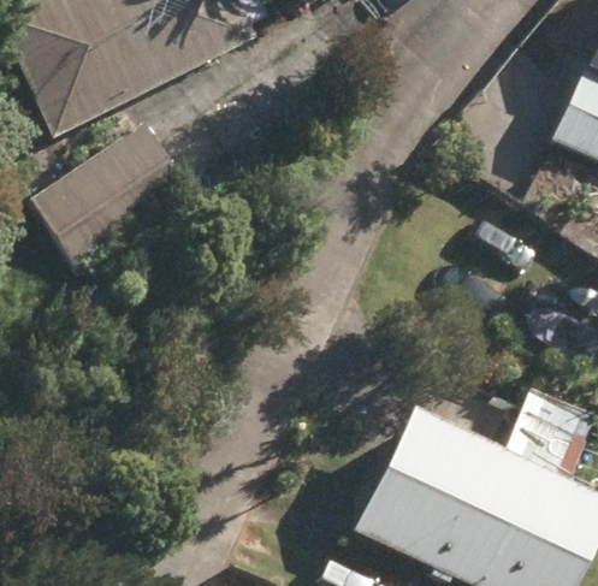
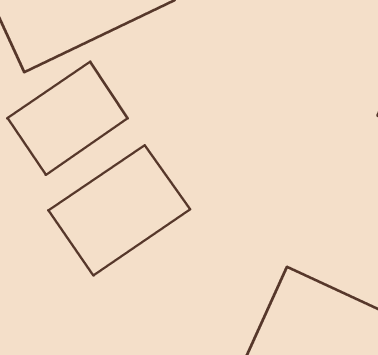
building: none -> [48,145,190,275]

